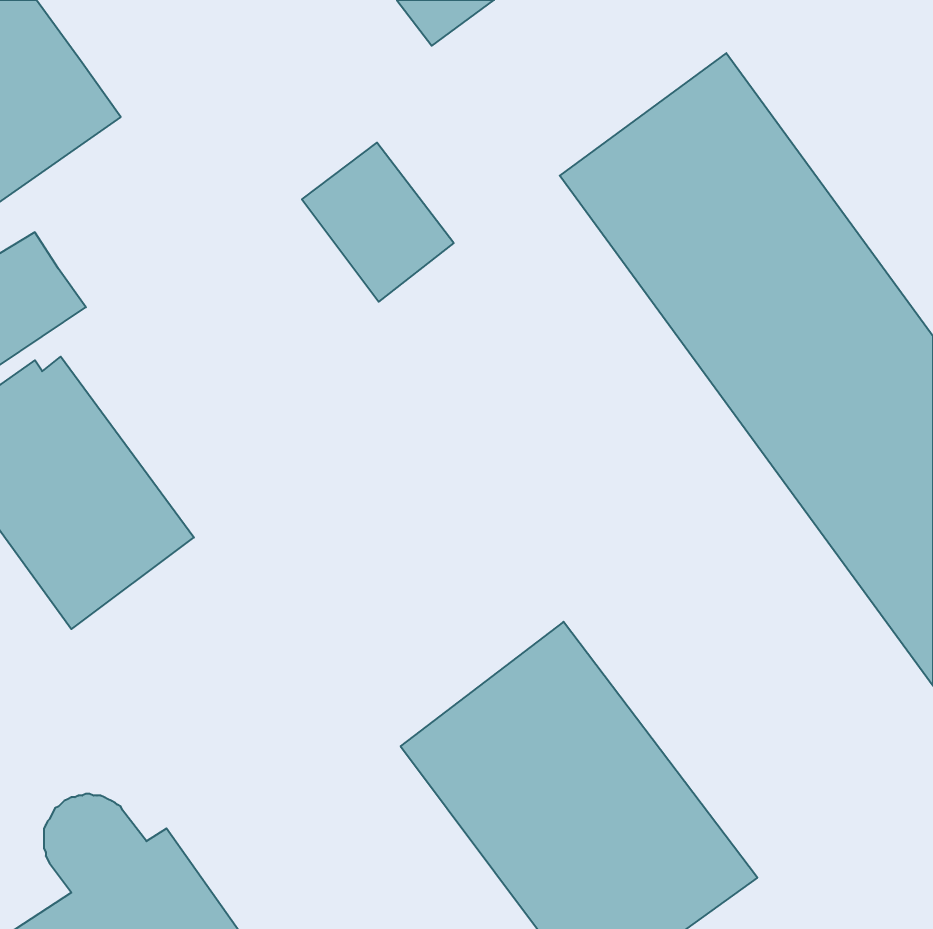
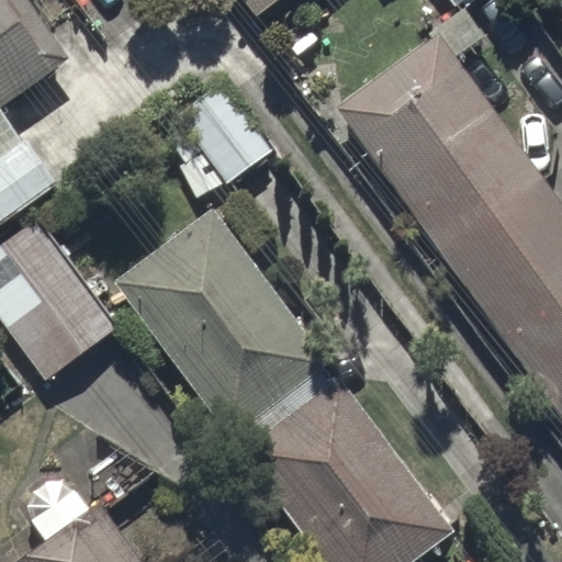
building: none -> [114,207,325,432]

